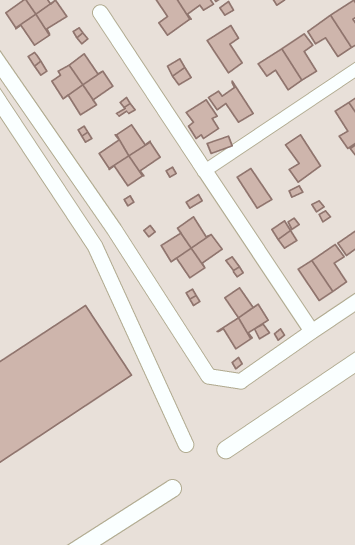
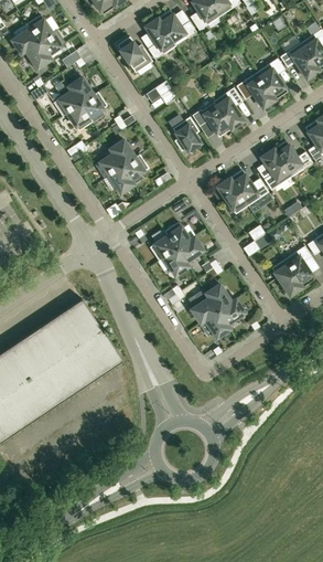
building: none -> [116,36,151,73]
building: [207,26,242,73] -> [212,87,243,129]
building: none -> [272,140,311,176]
building: none -> [228,169,267,205]
building: none -> [190,289,217,322]

